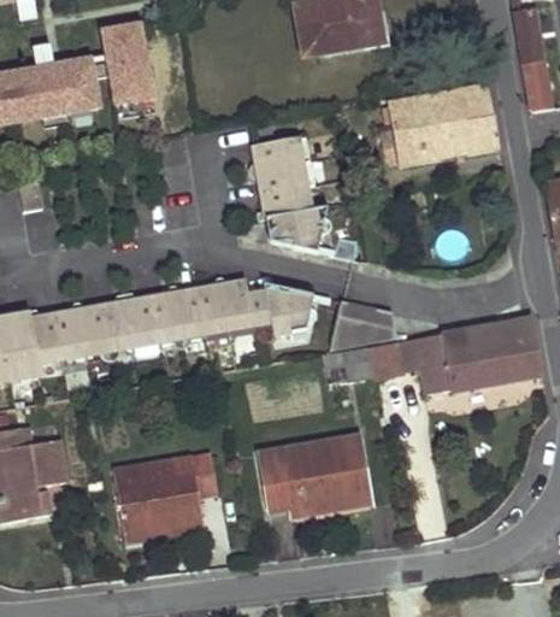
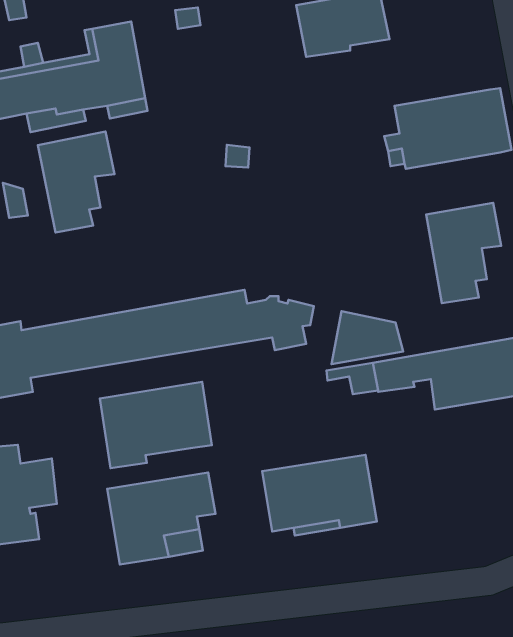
building: none -> [38,132,114,233]
building: [252,134,319,249] -> none
building: none -> [426,203,501,303]
building: none -> [100,382,212,468]

